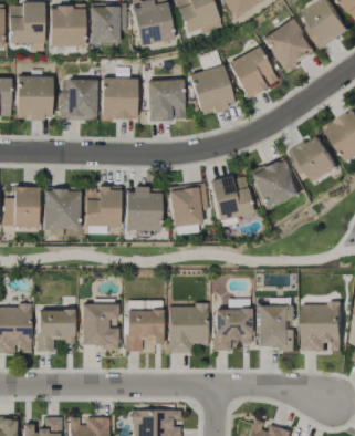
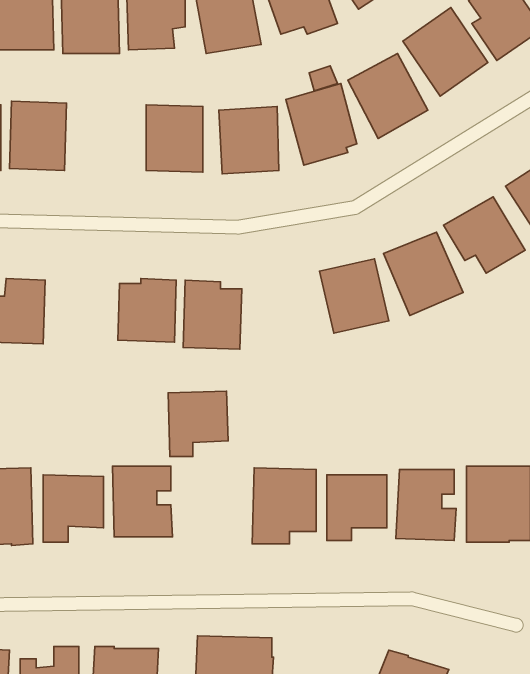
building: [61,79,97,120] -> none
building: [168,183,208,227] -> none
building: [43,189,81,229] -> none
building: [126,310,164,351] -> [168,391,228,457]

